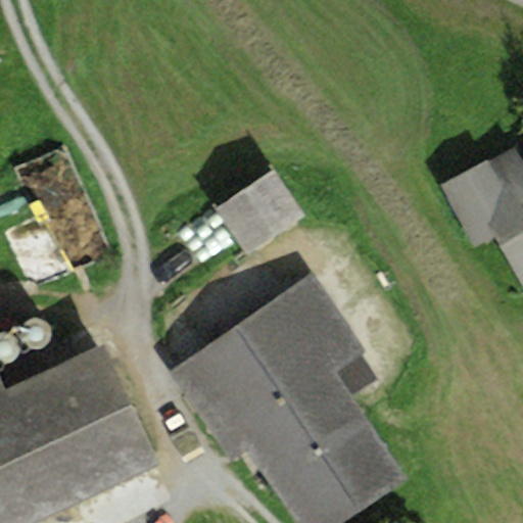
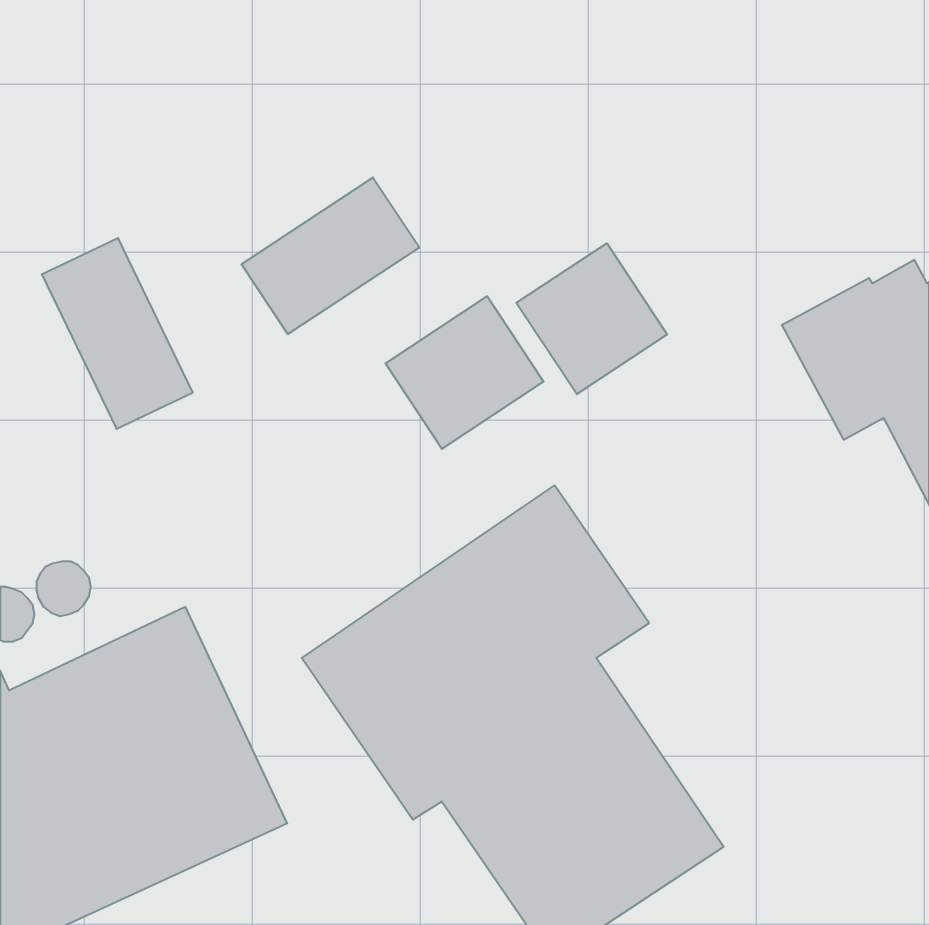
building: none -> [242,177,419,334]
building: none -> [516,243,667,394]

